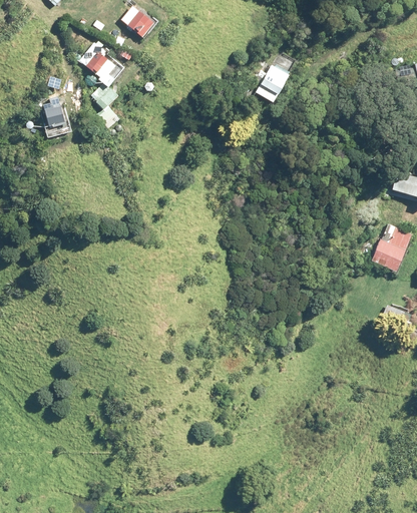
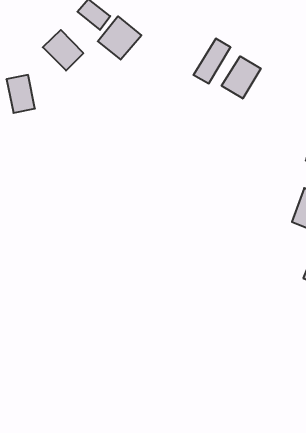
building: none -> [98,16,141,60]
building: none -> [222,56,261,99]

